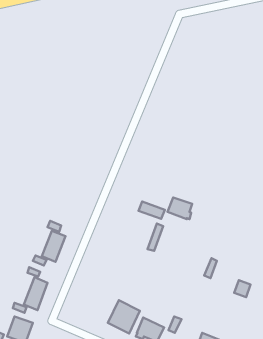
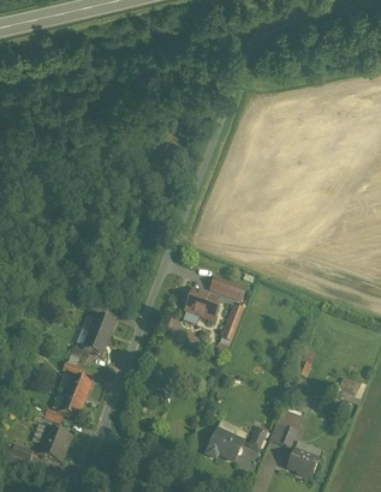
building: [168,197,192,219] -> [185,290,218,319]
building: [108,300,140,333] -> none
building: none -> [269,410,302,448]

